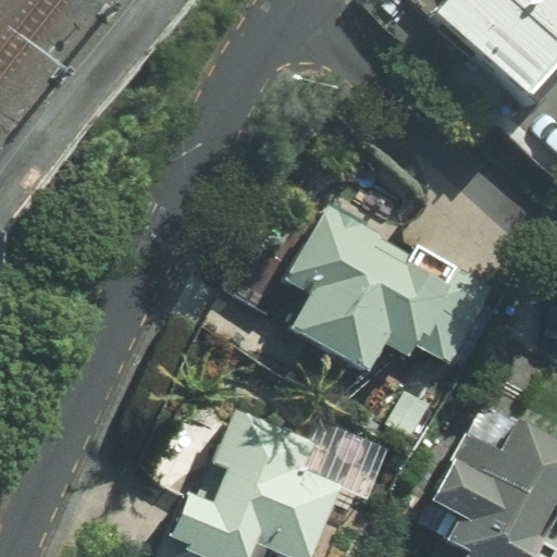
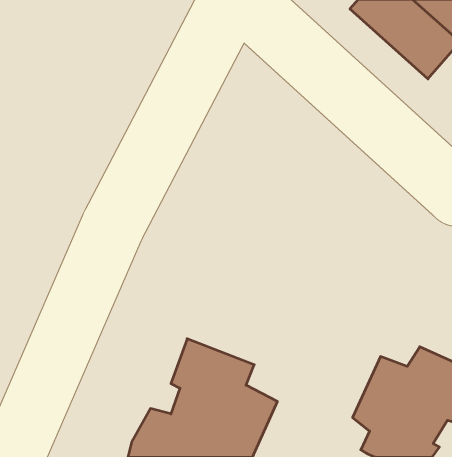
building: [286,200,500,375] -> none

